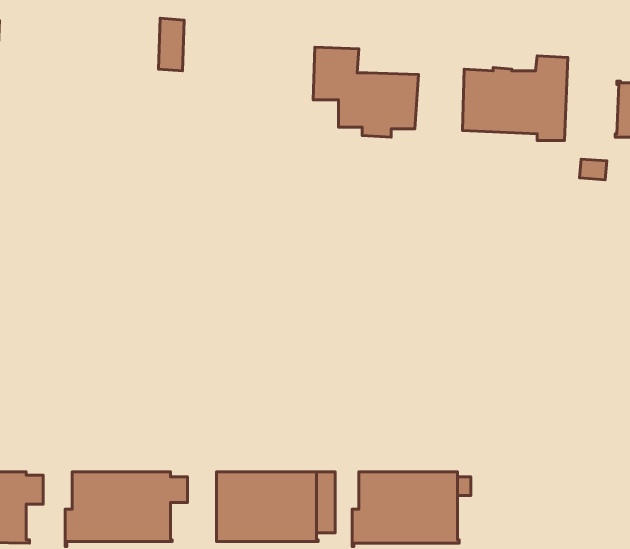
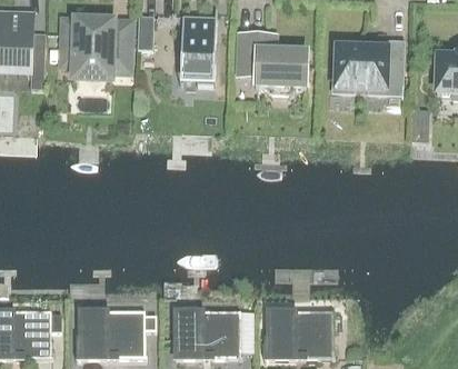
building: none -> [178,7,215,83]
building: none -> [61,19,129,79]

